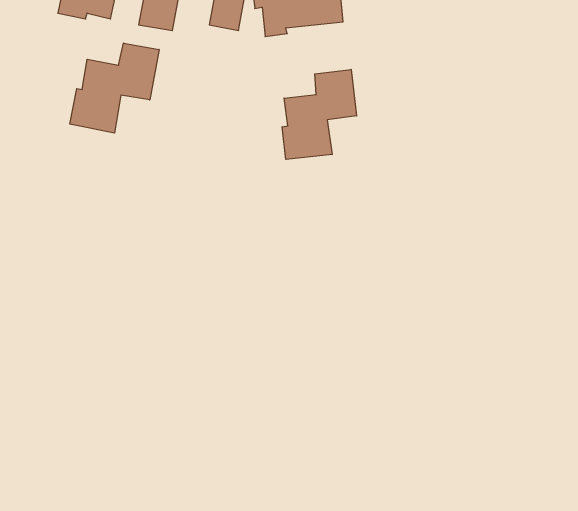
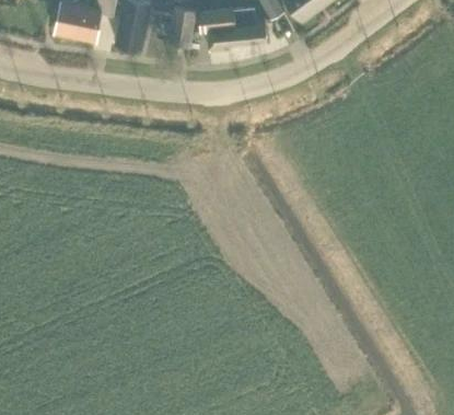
building: [70,43,159,133] -> none
building: [282,69,357,159] -> none

